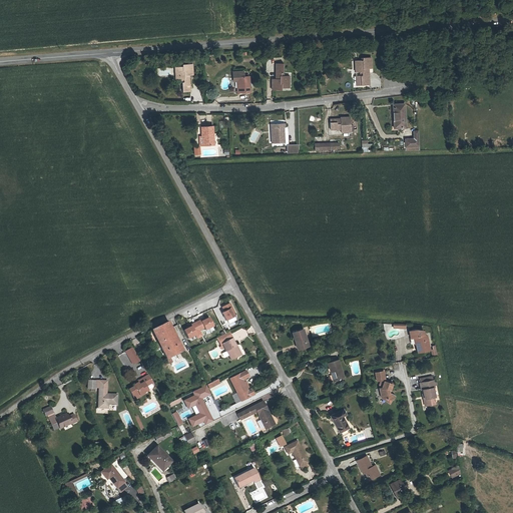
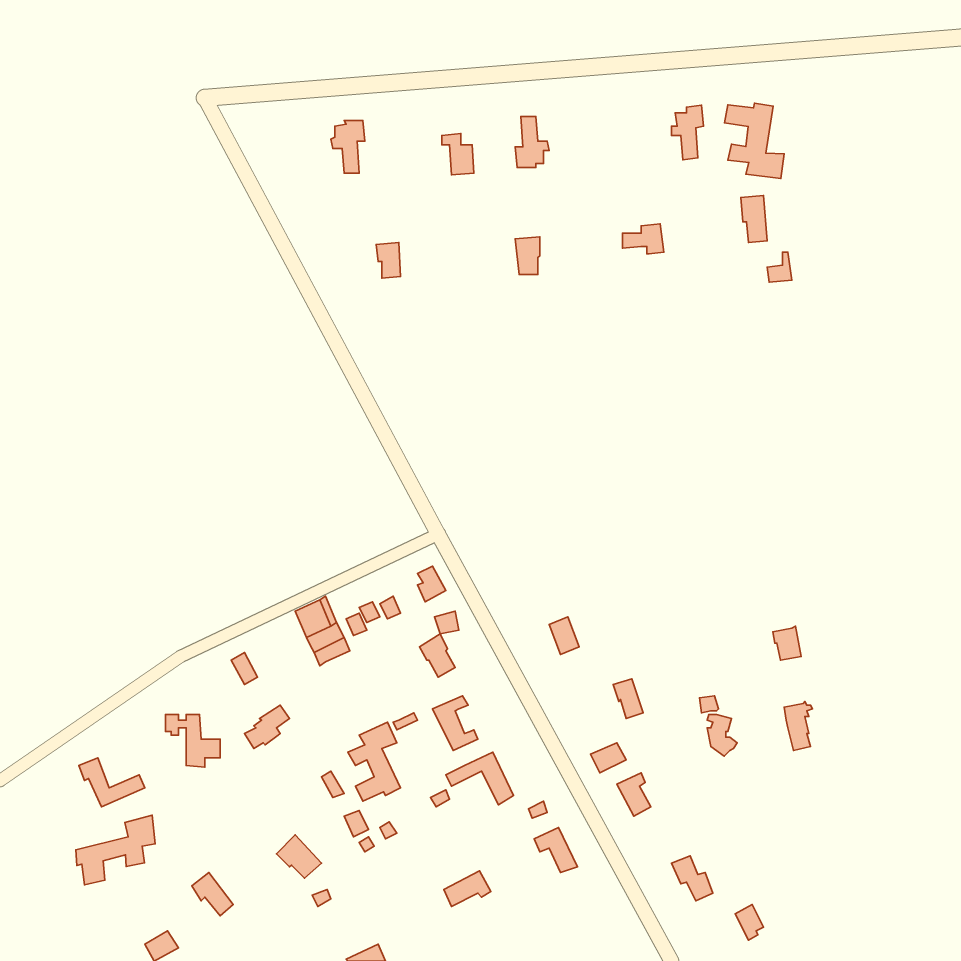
building: none -> [725,103,784,178]
building: none -> [76,815,155,885]

